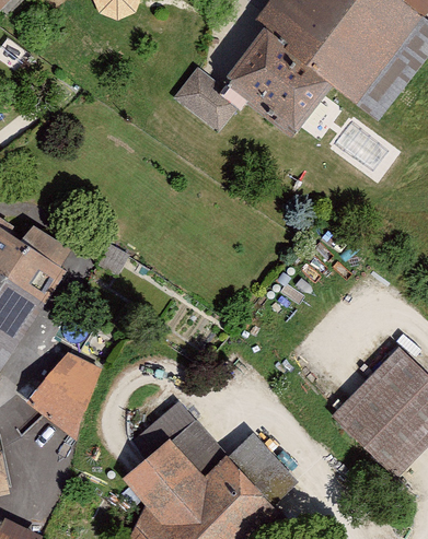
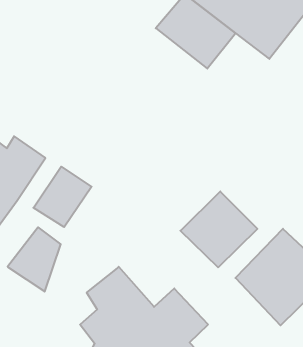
building: [170,68,240,132] -> none
building: none -> [33,167,92,227]
building: none -> [180,191,257,267]

